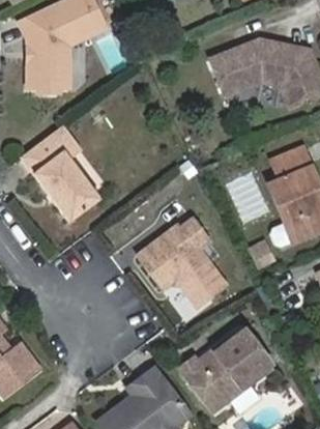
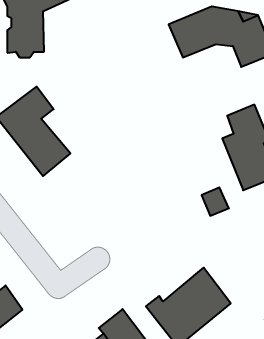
building: [138,221,227,310] -> none

